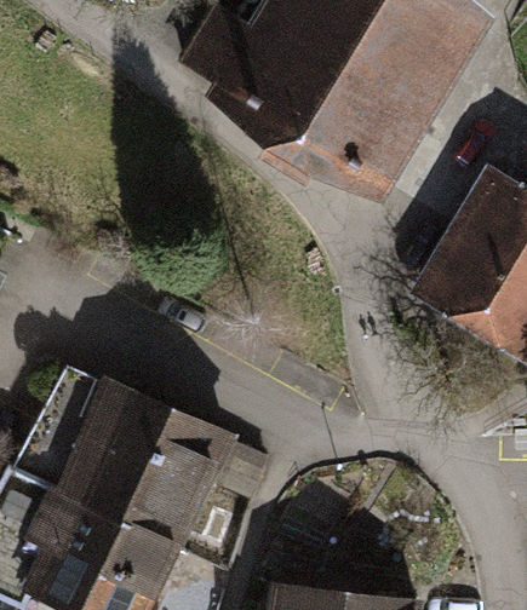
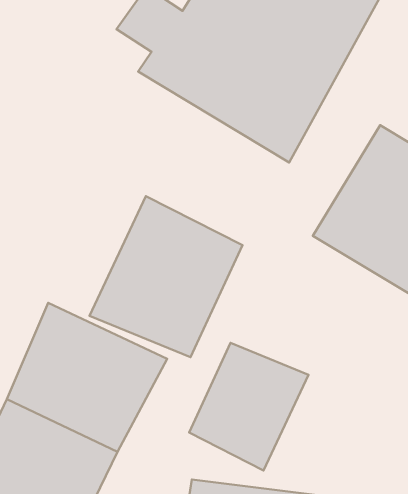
building: none -> [90,196,242,357]
building: none -> [189,343,309,471]

